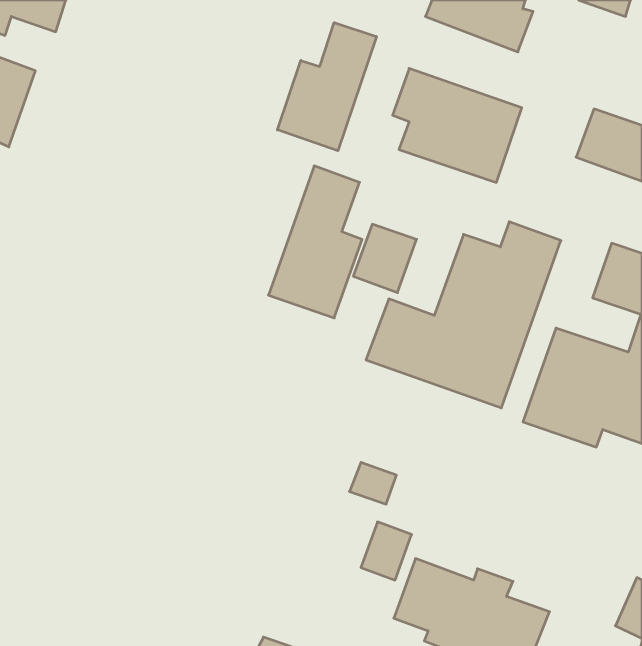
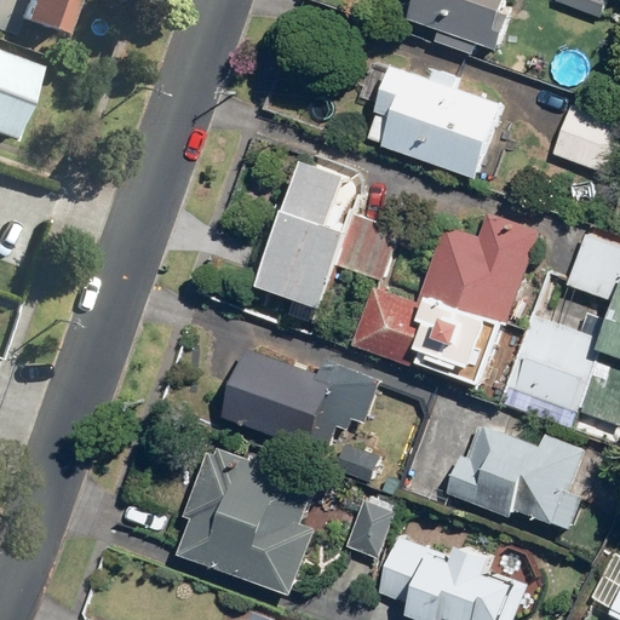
building: [277,23,376,151] -> none
building: none -> [220,349,380,454]
building: none -> [444,423,584,532]
building: none -> [177,441,316,596]

